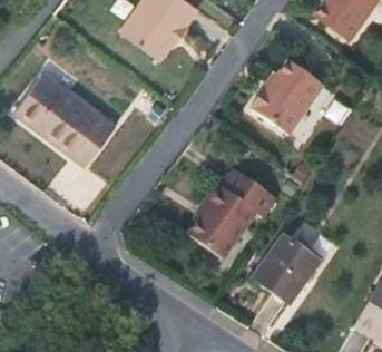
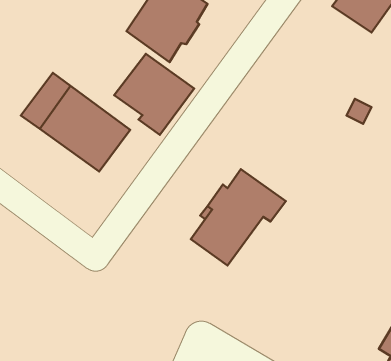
building: none -> [114,54,194,135]
building: [252,58,325,133] -> none
building: [249,233,319,305] -> none

